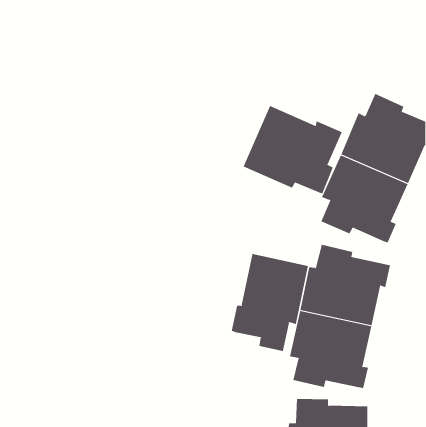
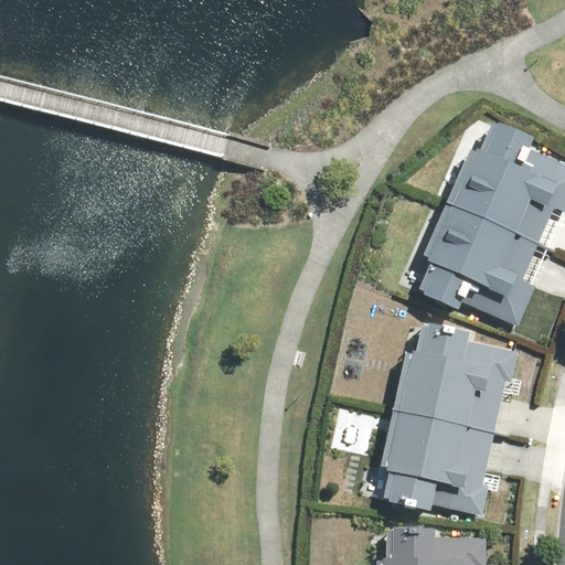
building: [243,105,342,194] -> none
building: [231,253,309,352] -> none

